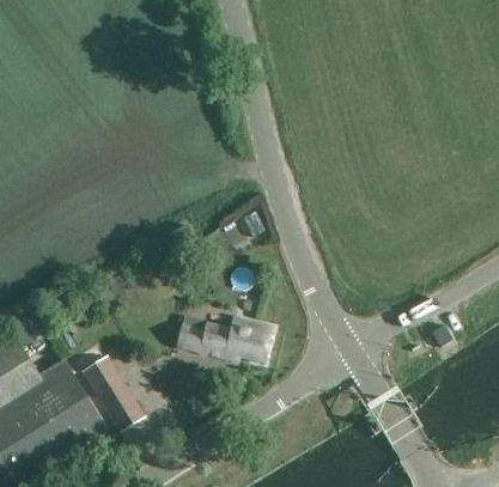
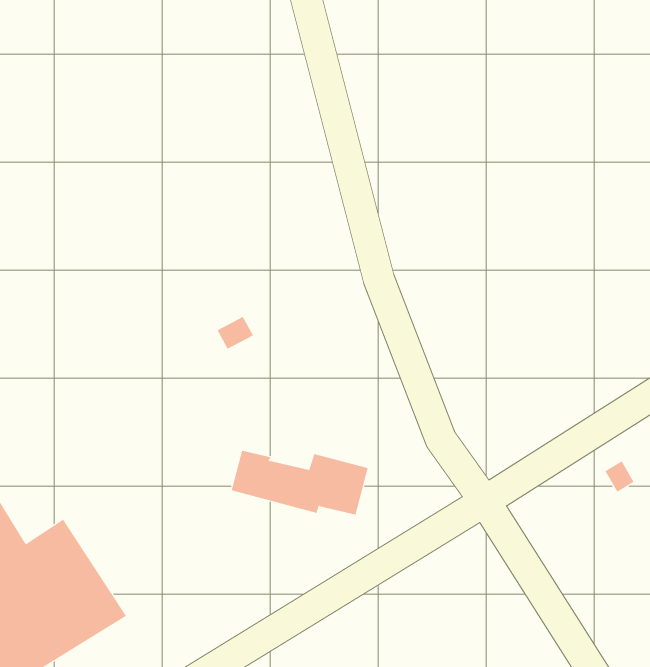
building: [81,357,136,420] -> none

